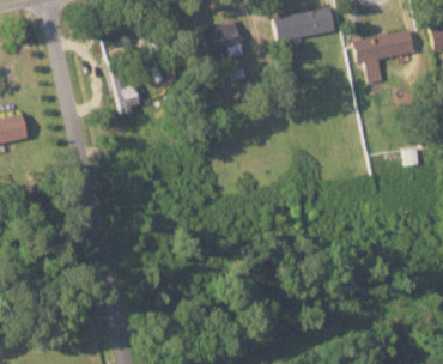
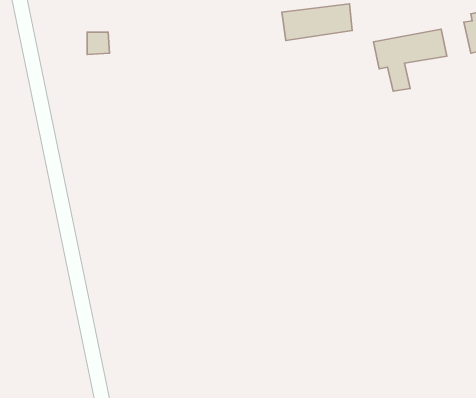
building: [204,24,242,53] -> none
building: [116,72,138,111] -> none

